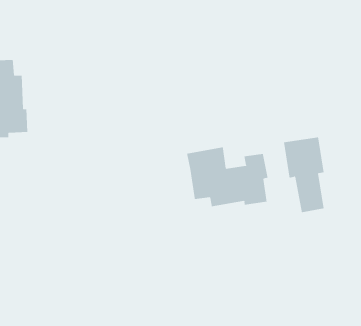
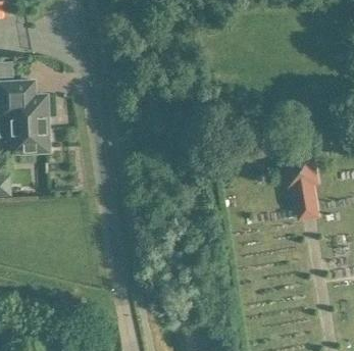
building: [187,147,268,207] -> none

